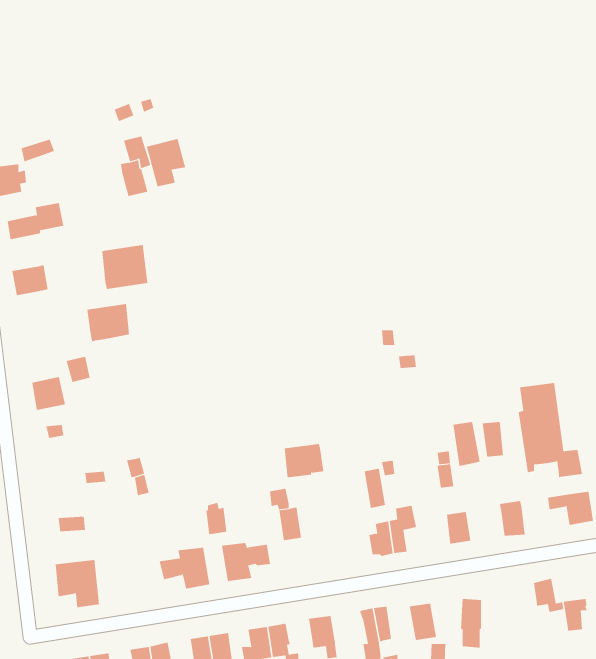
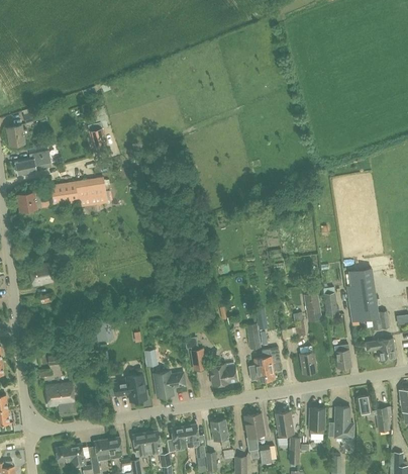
building: [146,138,186,187] -> none
building: [86,303,130,342] -> [49,181,78,206]
building: [284,444,324,478] -> [210,362,236,384]
building: none -> [335,406,353,438]

